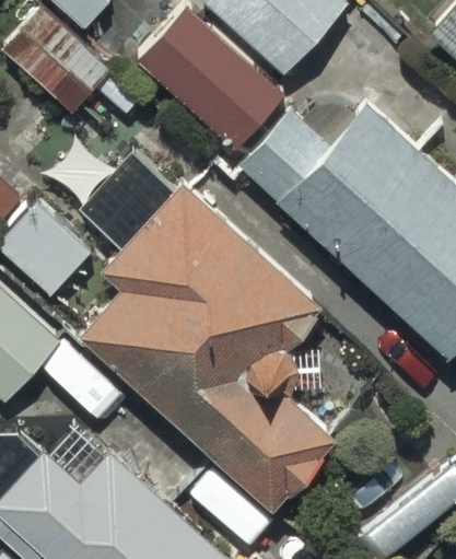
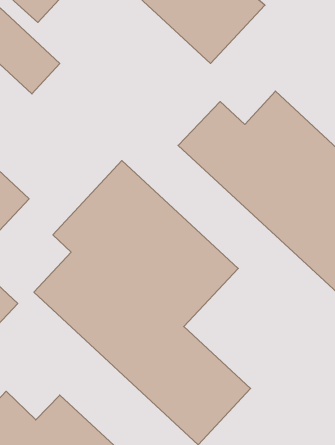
building: [136,8,284,153] -> none

